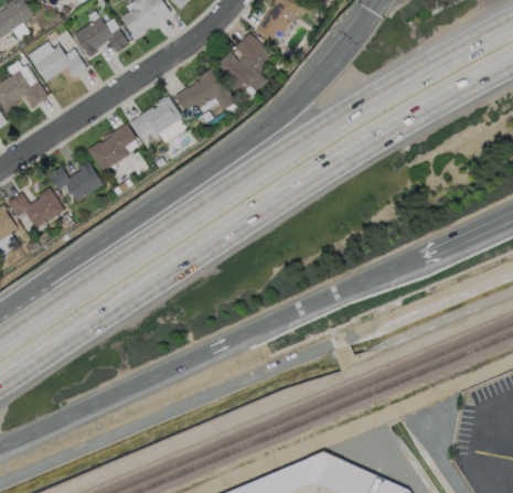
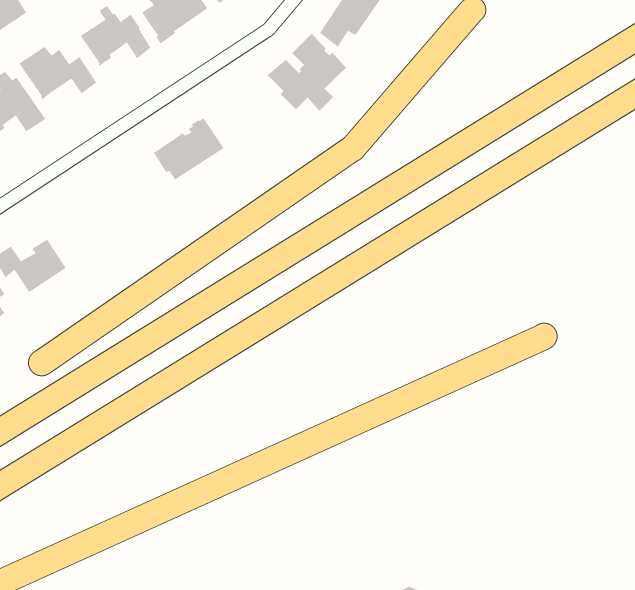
building: [174,67,236,111] -> none
building: [87,124,136,172] -> none
building: [47,162,103,202] -> none

